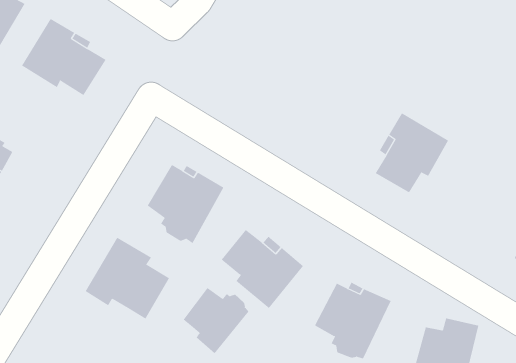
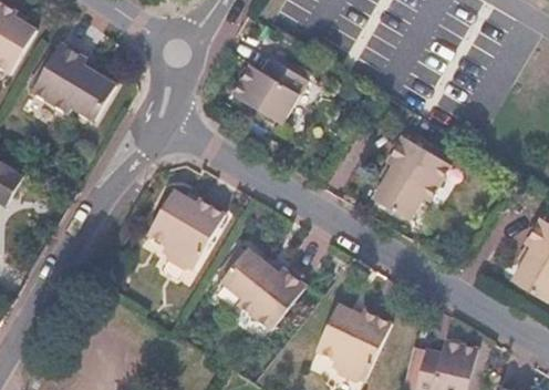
building: none -> [234,58,310,125]
building: [85,237,170,320] -> none
building: [183,287,249,354] -> none

